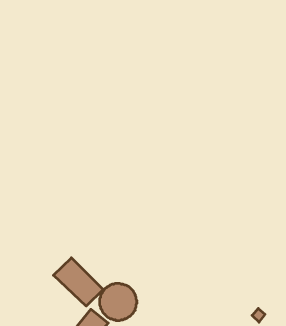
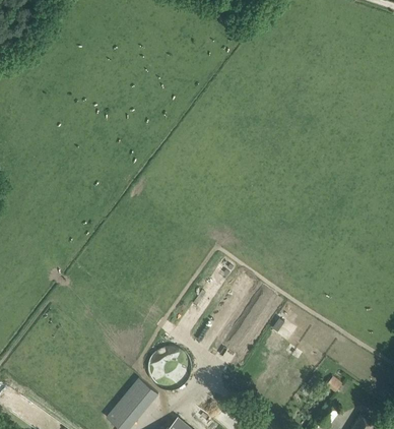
building: [53,258,103,306] -> none

